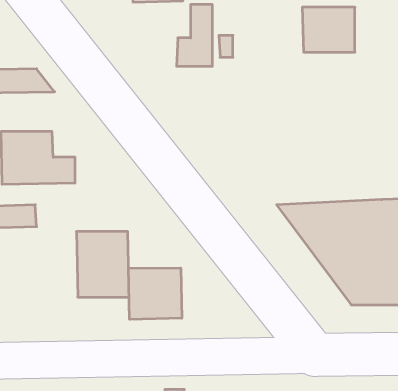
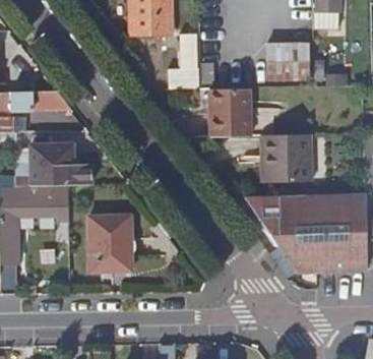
building: none -> [208,89,250,136]
building: none -> [260,135,311,184]
building: [129,268,182,319] -> none

